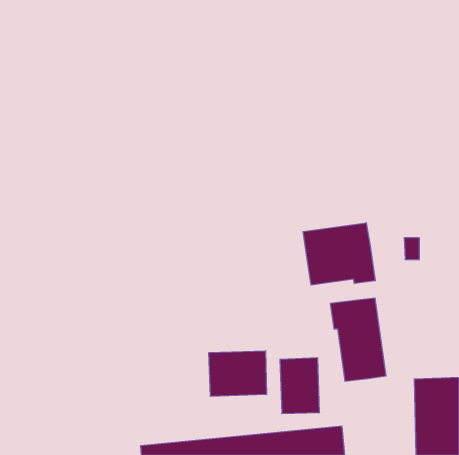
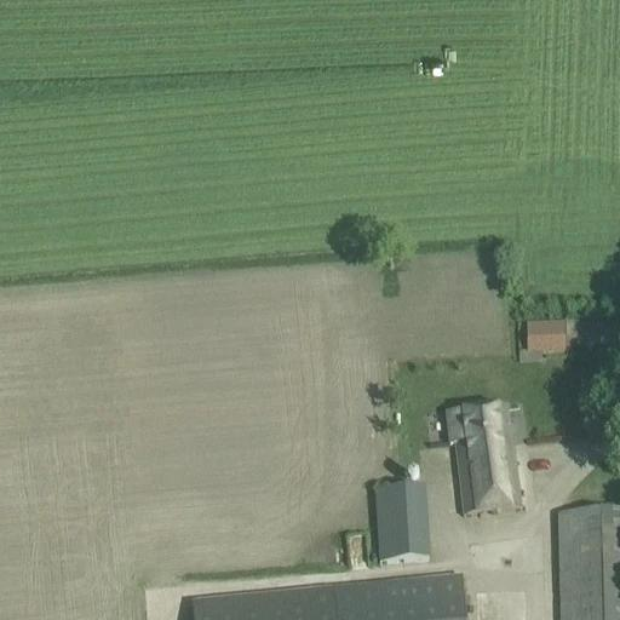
building: [303,223,375,285] -> none
building: [209,351,267,396] -> none

